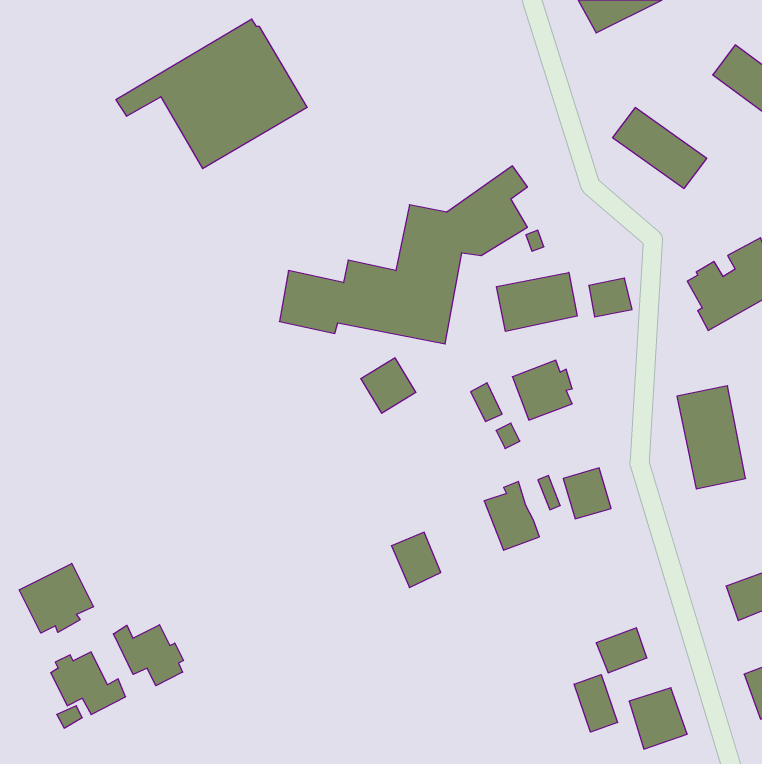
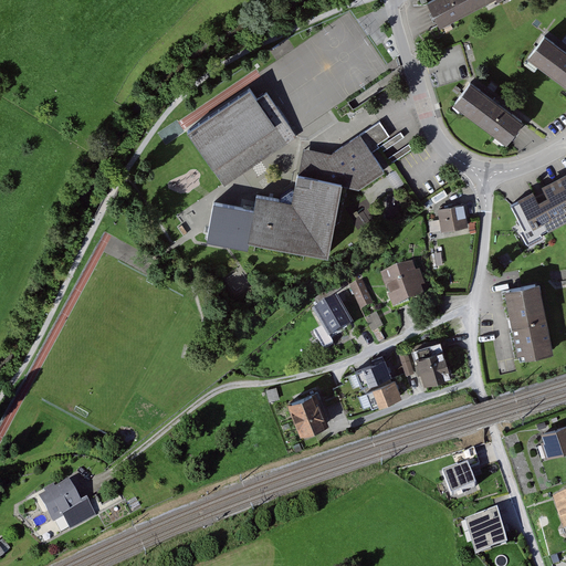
building: [116,19,307,169] -> [159,73,301,184]
building: [497,272,577,331] -> none
building: [361,358,416,413] -> [311,300,352,340]
building: [19,563,94,633] -> none
building: [113,625,183,686] -> none
building: [574,675,618,732] -> none

